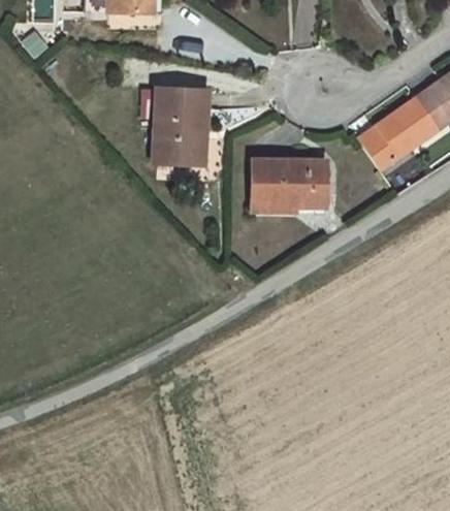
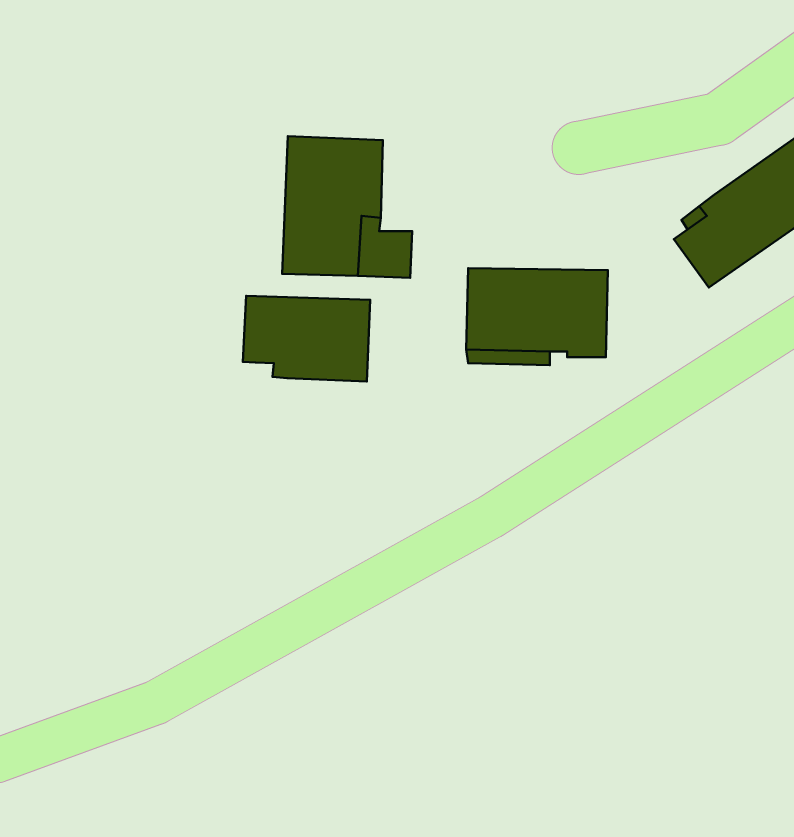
building: none -> [243,296,370,381]

